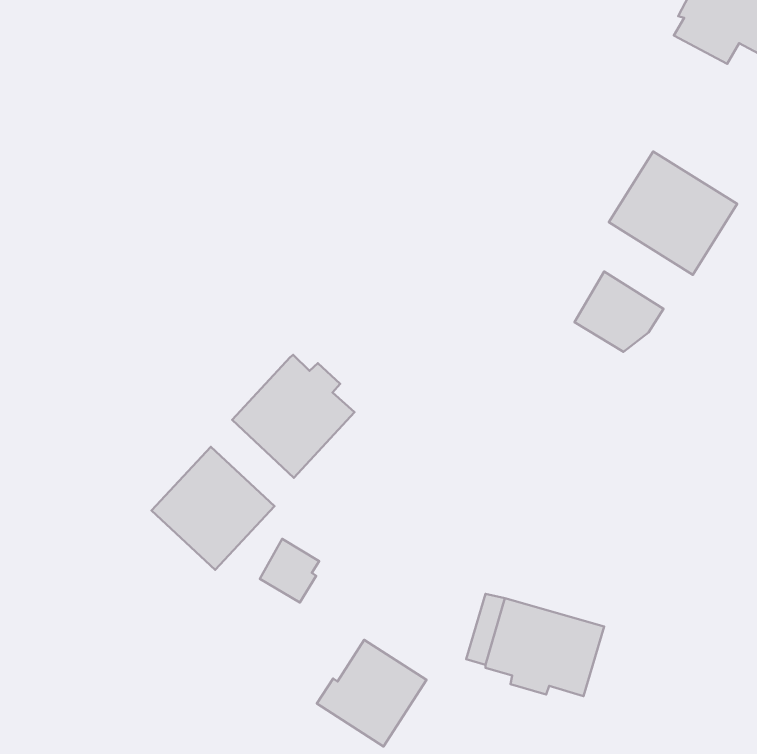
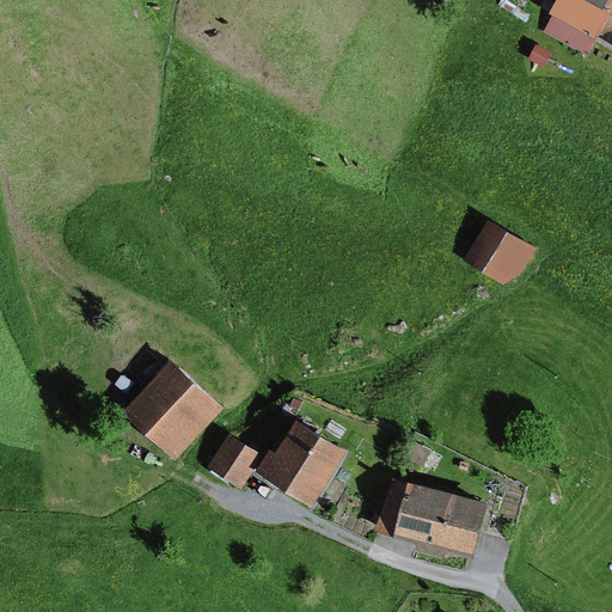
building: [609,151,737,275] -> none
building: [232,355,354,478] -> none
building: [317,640,427,747] -> [256,420,344,506]

